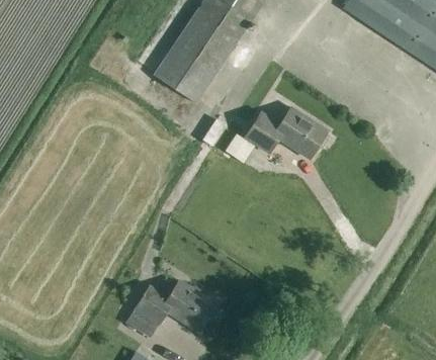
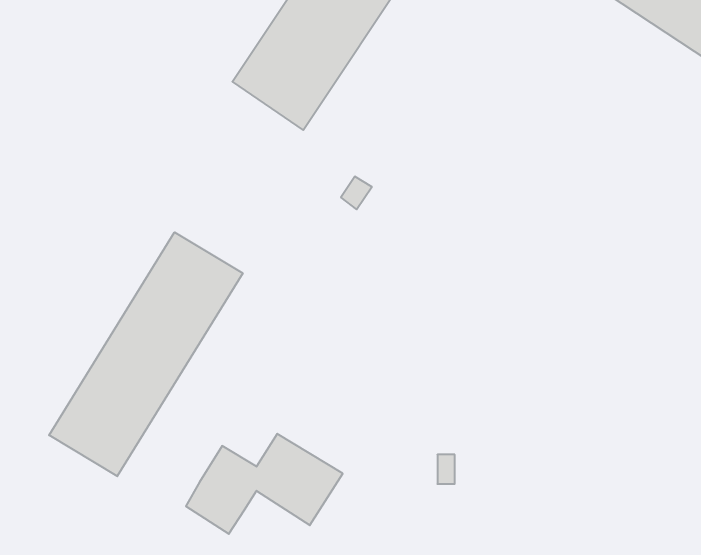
building: [244,109,329,160] -> none
building: none -> [49,232,243,476]

